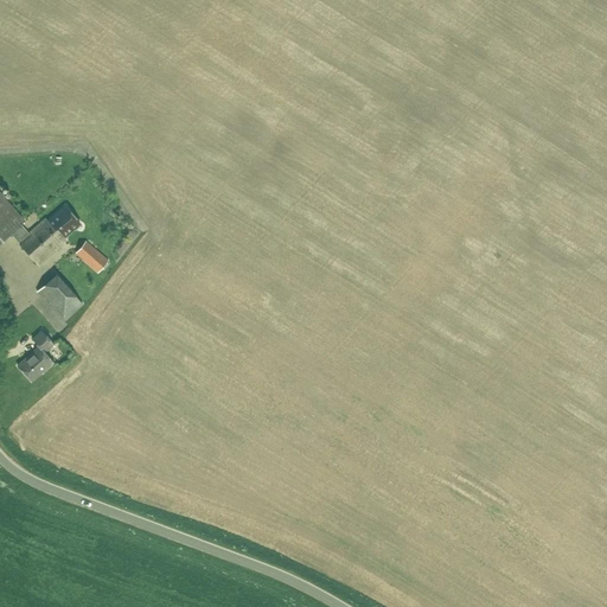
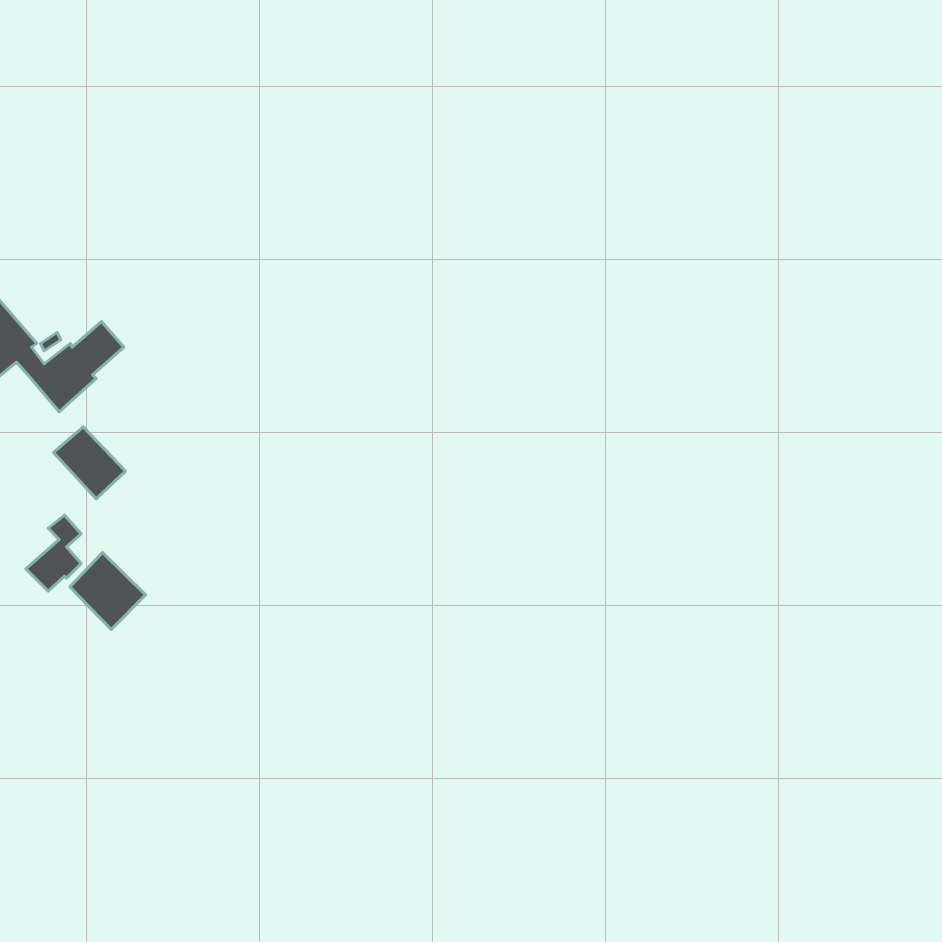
building: [74,241,108,273] -> none
building: none -> [70,553,146,629]

